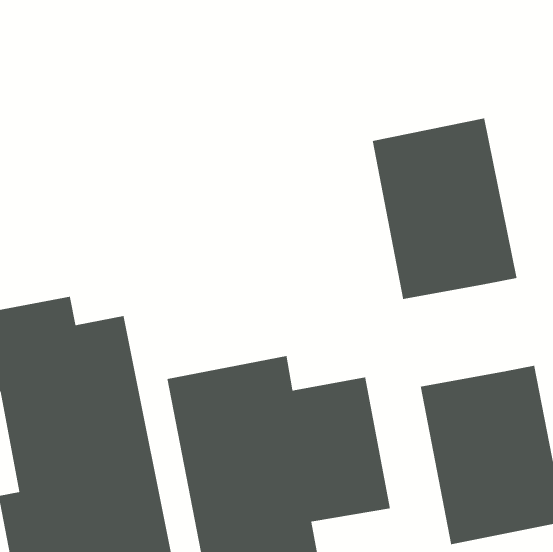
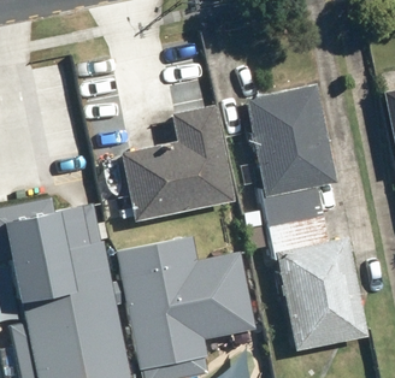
building: none -> [123,105,236,222]
building: none -> [266,188,330,252]

